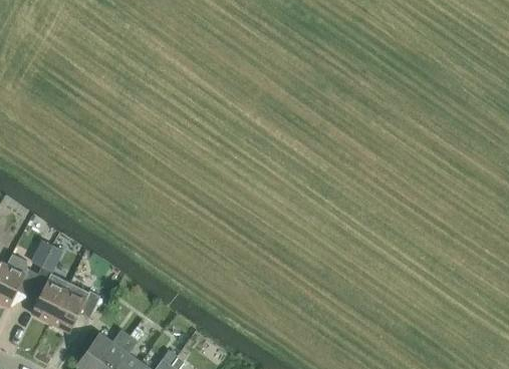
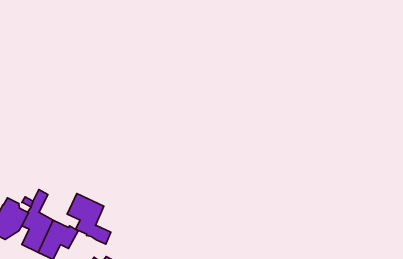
building: none -> [67,193,111,244]

